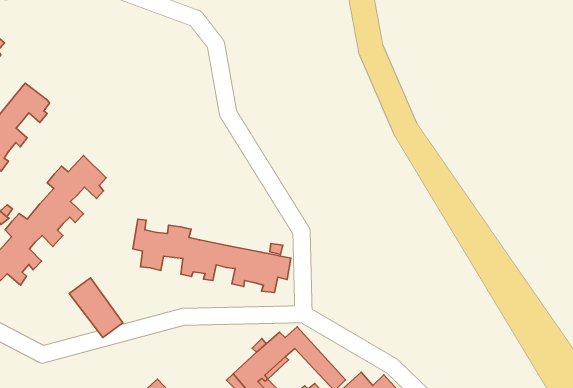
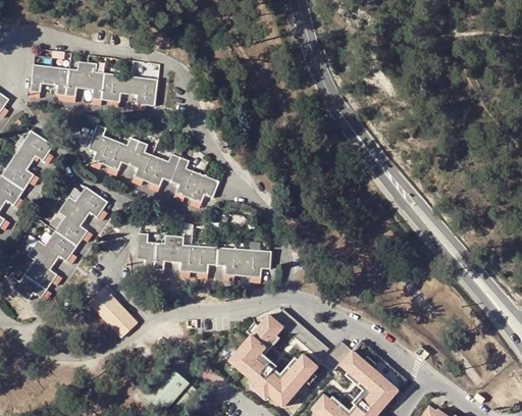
building: none -> [29,62,157,109]
building: none -> [87,124,218,207]

